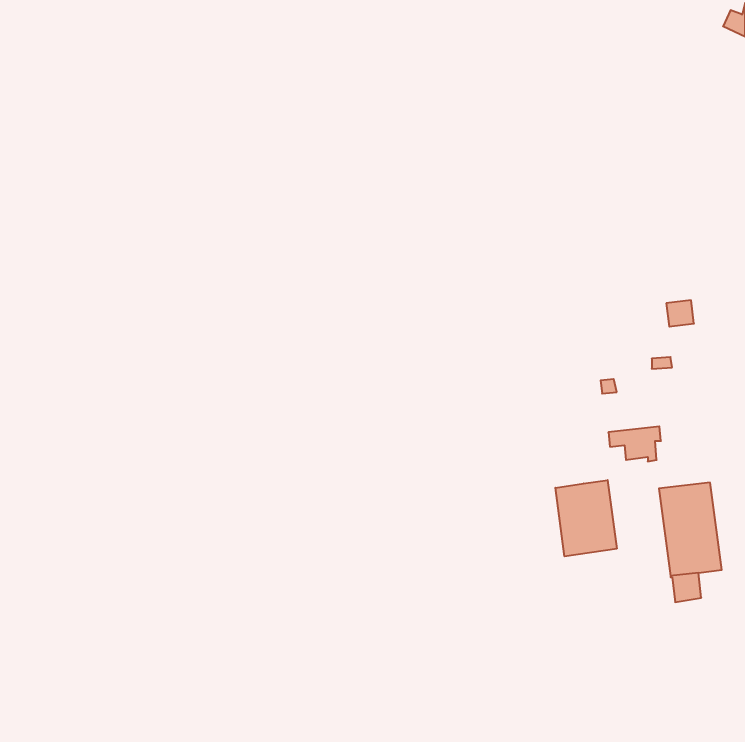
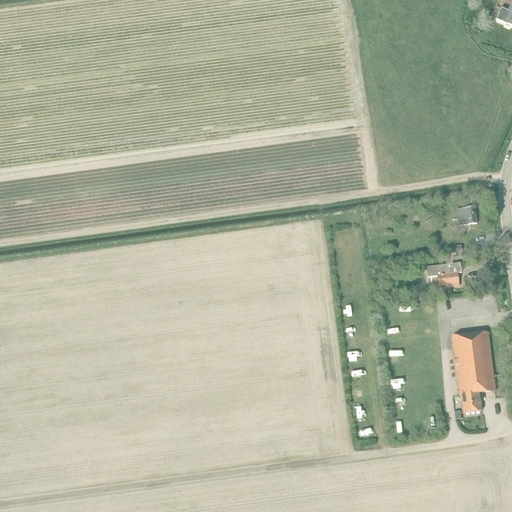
building: [608,426,661,461] -> [426,261,462,285]
building: [555,480,617,556] -> none

